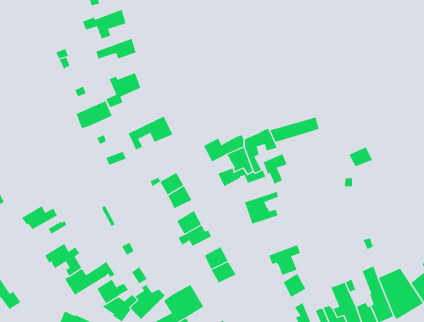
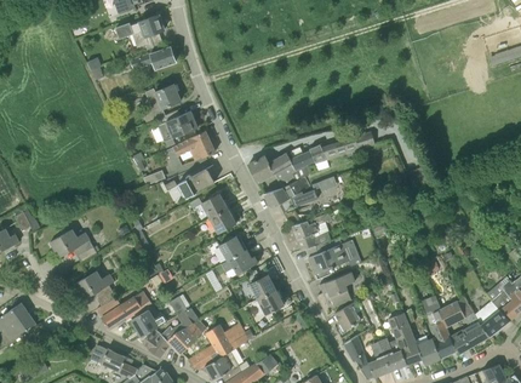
building: [76,100,113,129] -> [158,110,197,142]
building: none -> [178,168,214,199]
building: none -> [305,239,361,280]

